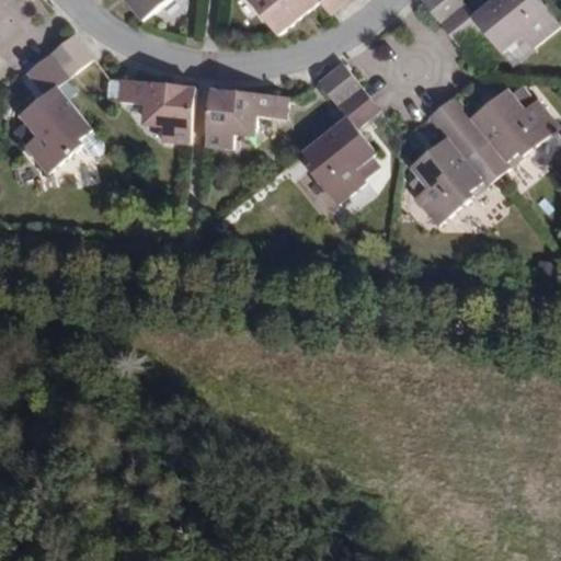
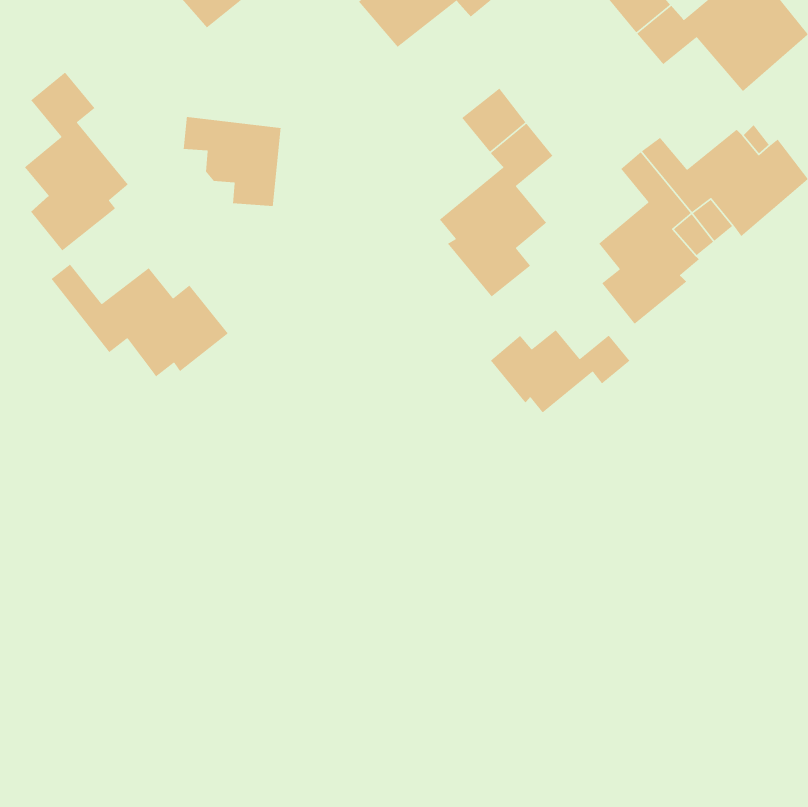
building: [45,31,89,75] -> none
building: [204,89,286,148] -> none
building: none -> [50,264,229,378]
building: none -> [490,329,631,414]

